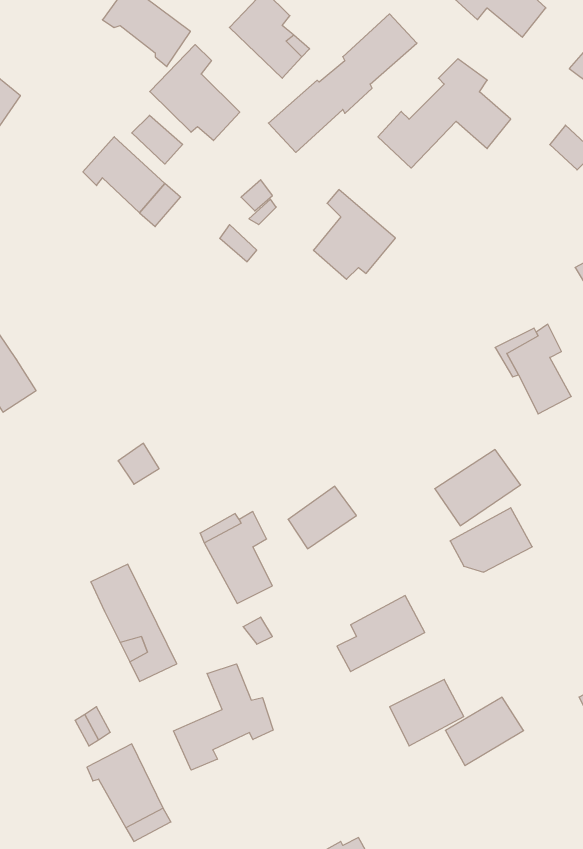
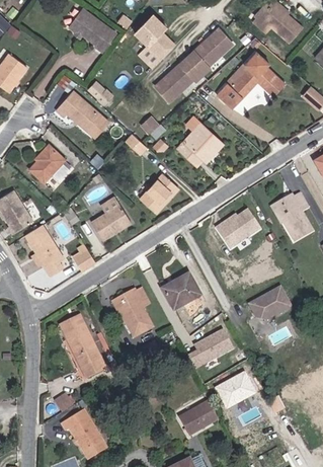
building: [150,45,240,141] -> none
building: none -> [30,145,68,181]
building: none -> [142,173,176,210]
building: none -> [93,205,132,240]
building: none -> [31,233,66,276]
building: [435,450,521,526] -> [217,207,261,246]
building: [174,664,273,770] -> none
building: [445,697,524,766] -> [179,400,220,436]

